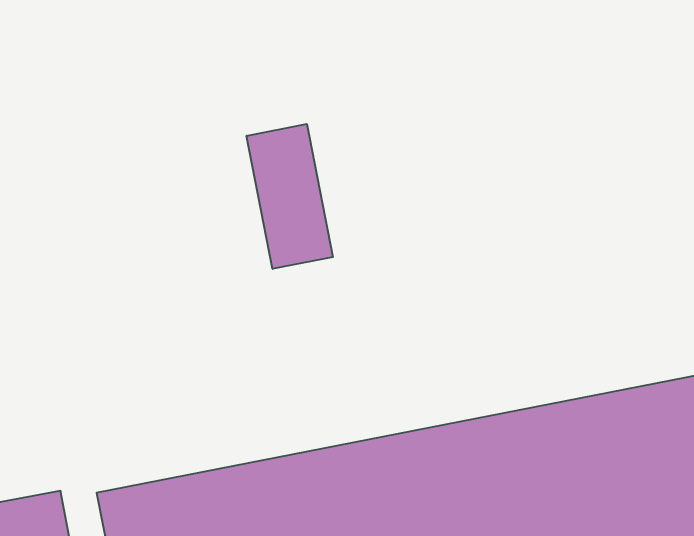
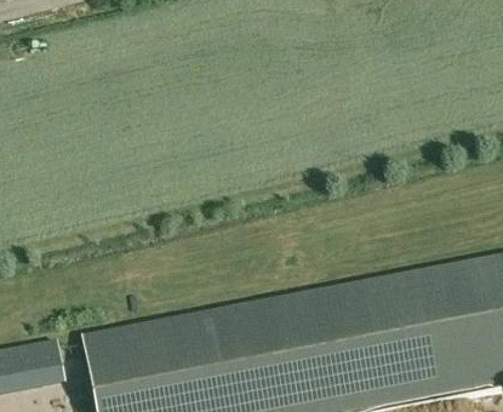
building: [247,124,333,269] -> none

